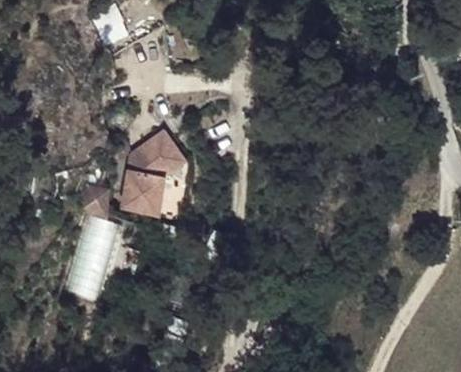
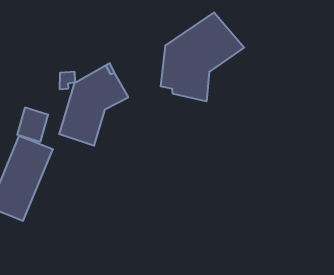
building: none -> [161,12,244,101]

